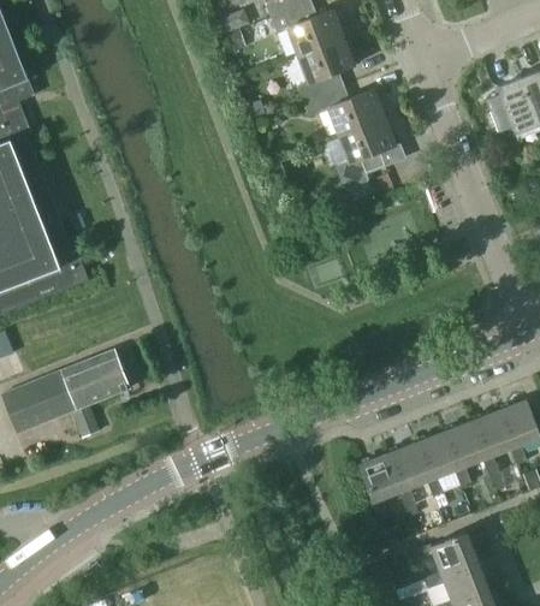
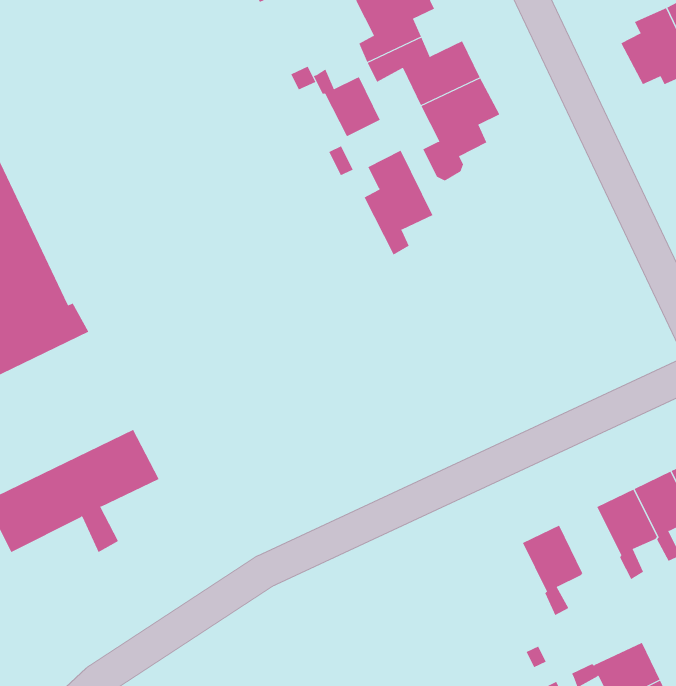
building: none -> [313,69,380,137]
building: none -> [364,150,433,255]
building: [414,433,456,498] -> none
building: [358,454,400,519] -> none

